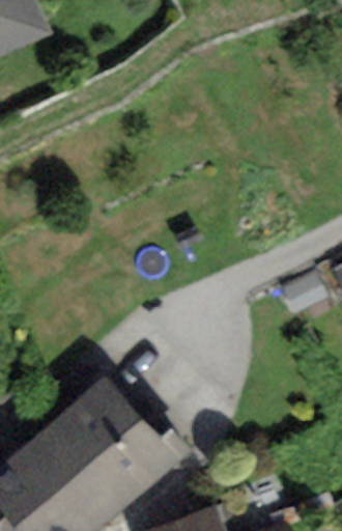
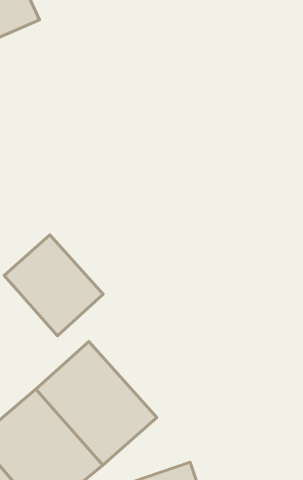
building: none -> [4,235,103,336]

